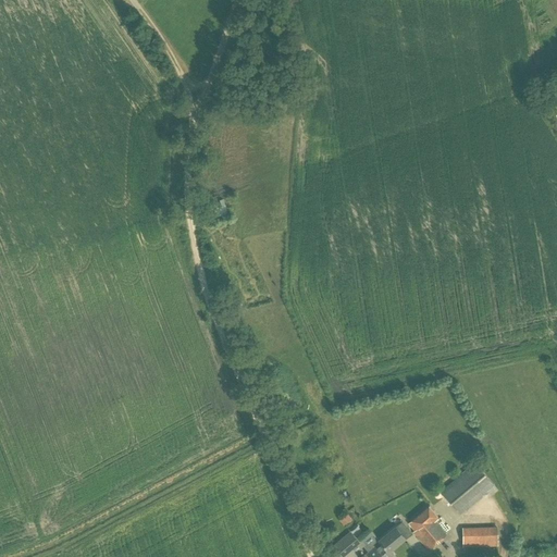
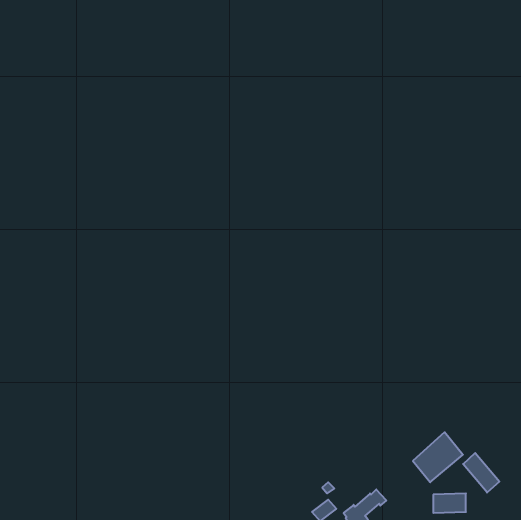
building: none -> [463,453,499,493]
building: [408,507,447,552] -> none

